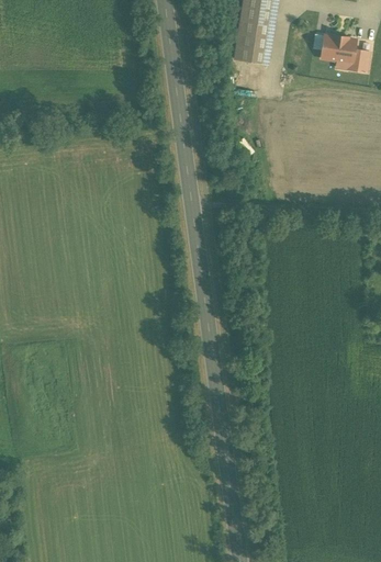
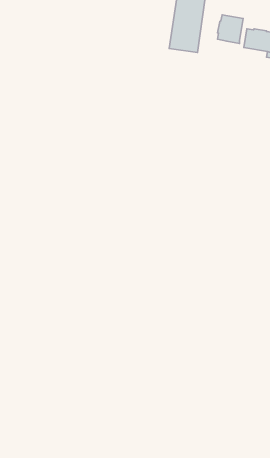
building: none -> [217,15,243,43]

